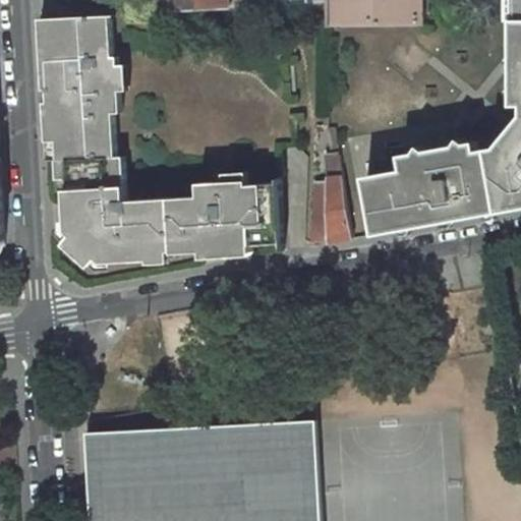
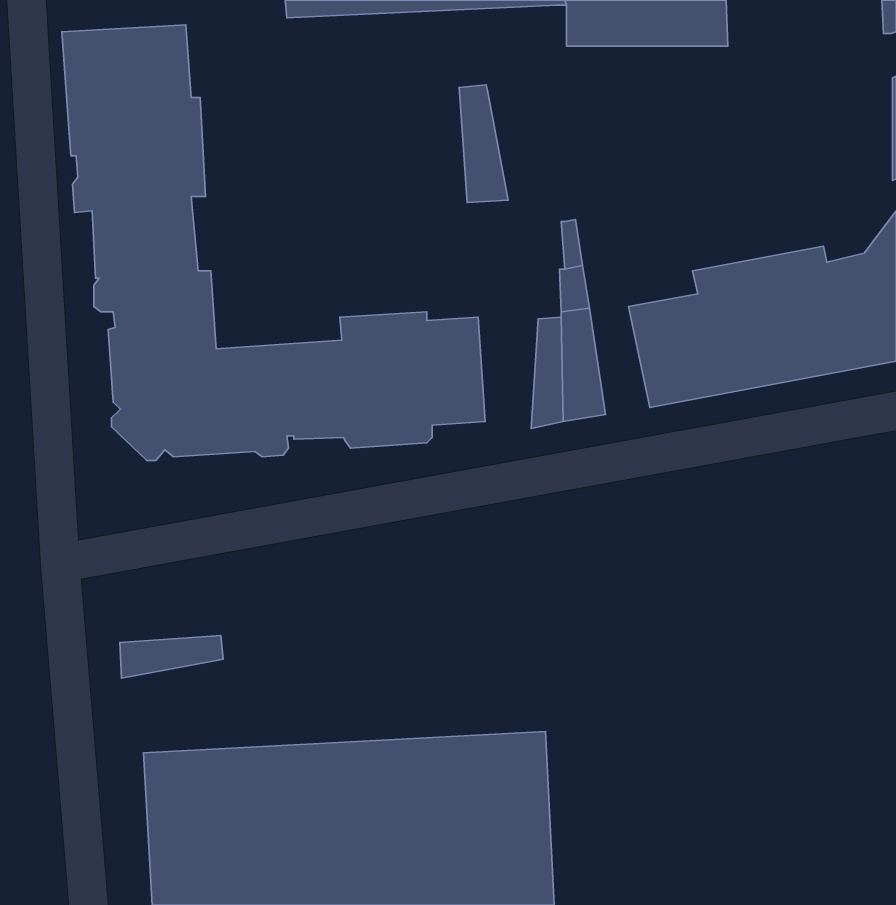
building: none -> [459,85,508,202]
building: none -> [120,636,223,678]

